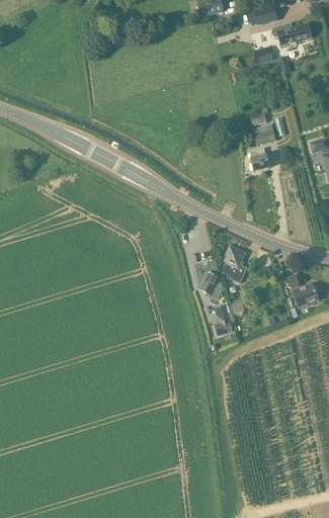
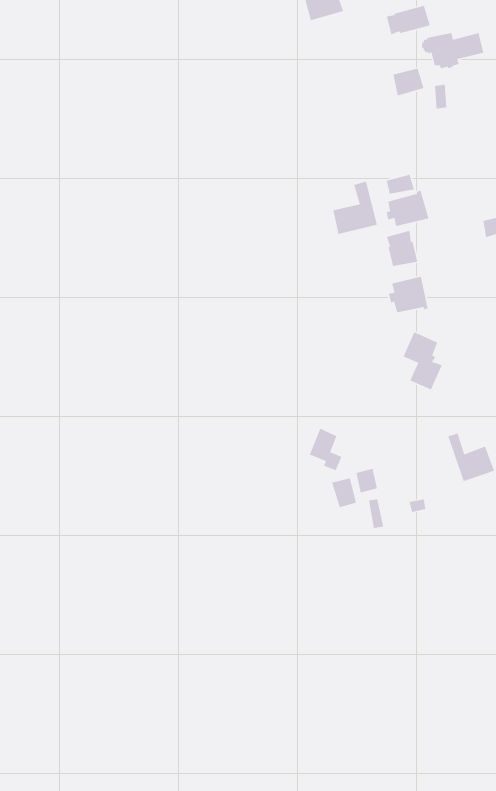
building: none -> [333,180,378,235]
building: none -> [388,276,428,313]
building: [223,244,248,281] -> [403,331,443,390]

